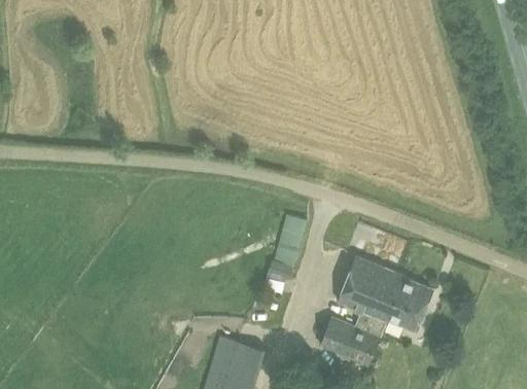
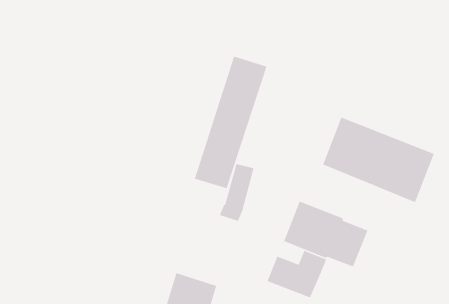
building: none -> [194,55,267,189]
building: none -> [322,116,435,203]

